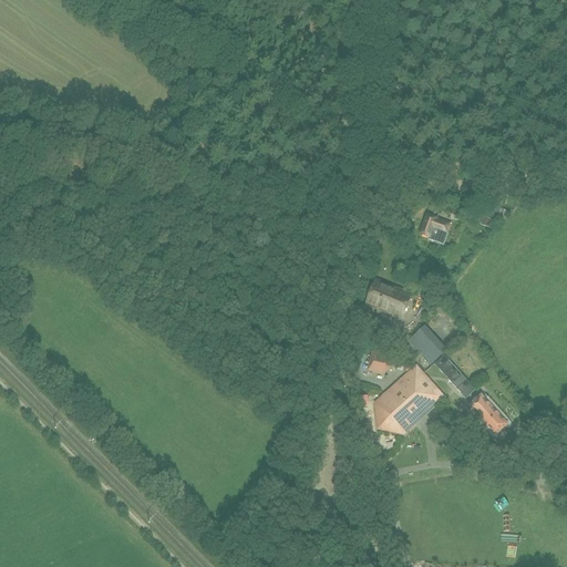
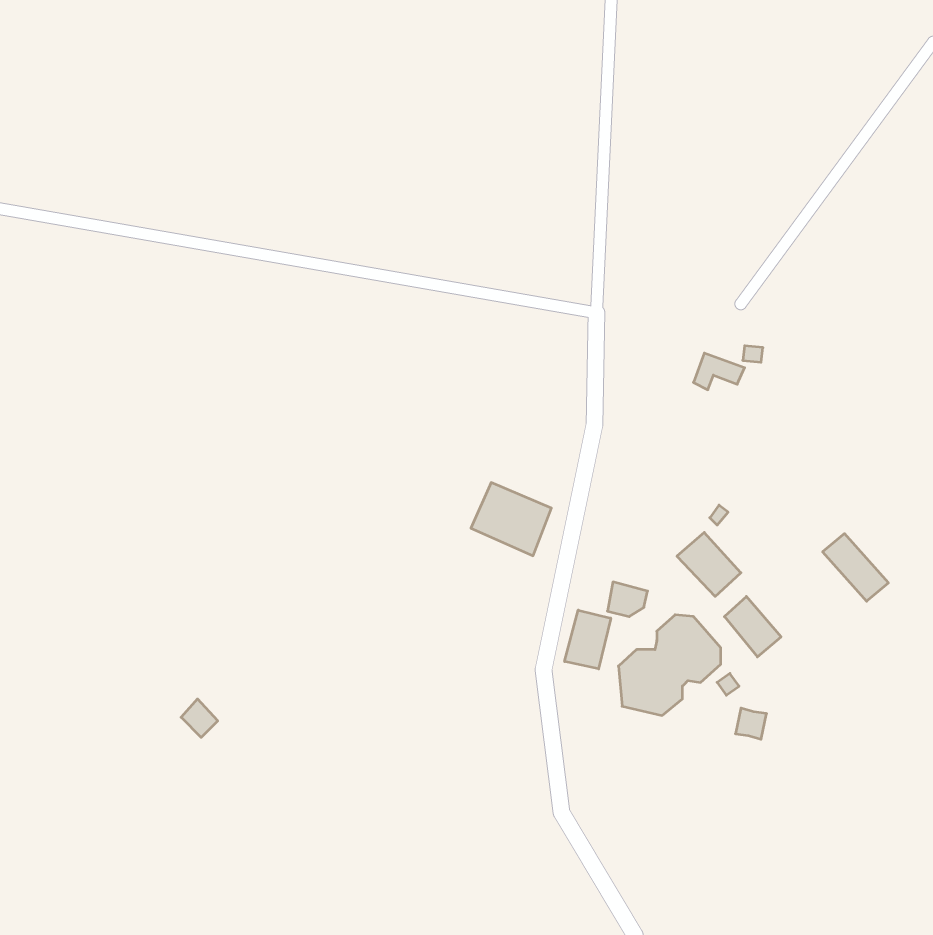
building: [363,278,412,322] -> [471,483,551,556]
building: none -> [565,610,611,669]
building: [467,395,507,436] -> [823,534,888,601]

